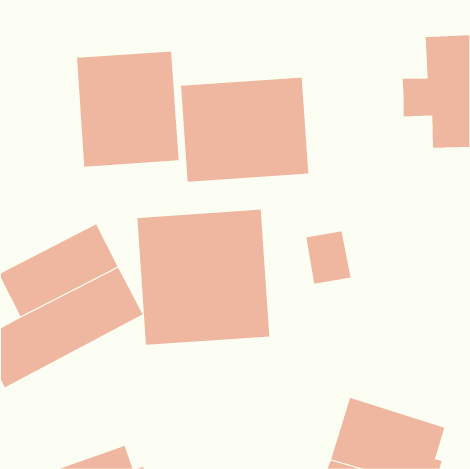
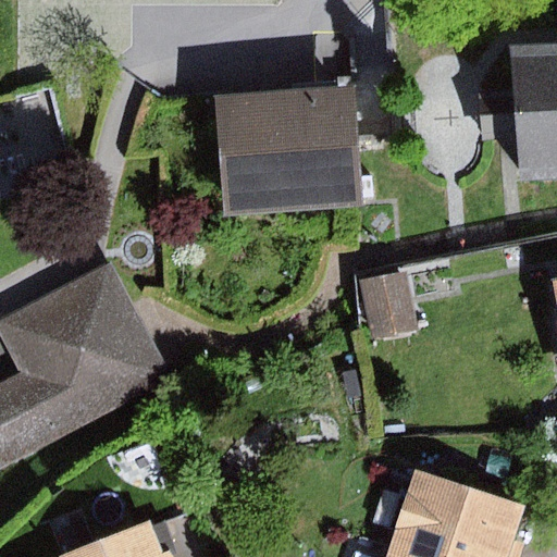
building: [76,51,179,167] -> none
building: [137,209,270,346] -> none

